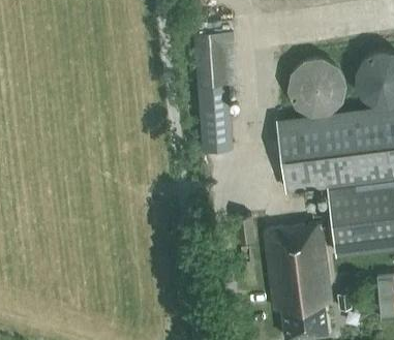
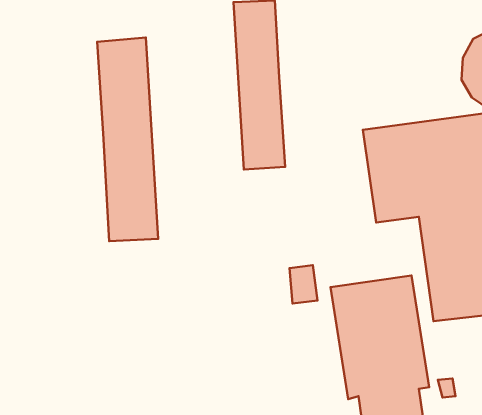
building: none -> [97,38,158,241]
building: [289,58,343,113] -> none

